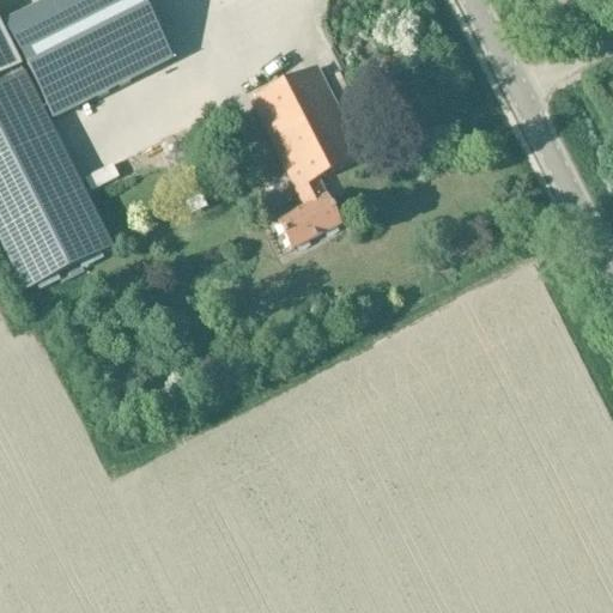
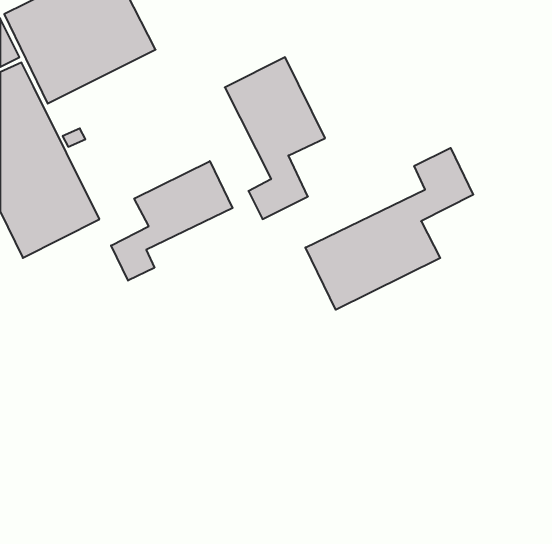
building: none -> [305,148,473,310]
building: none -> [111,161,233,281]

